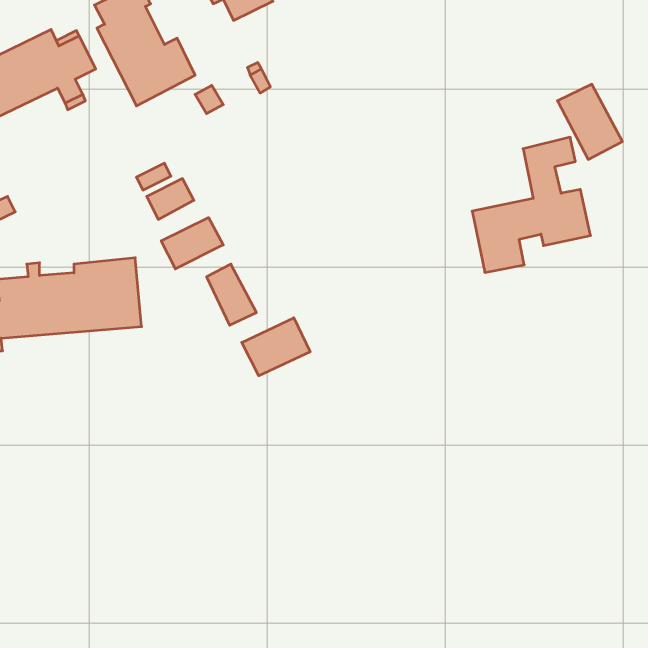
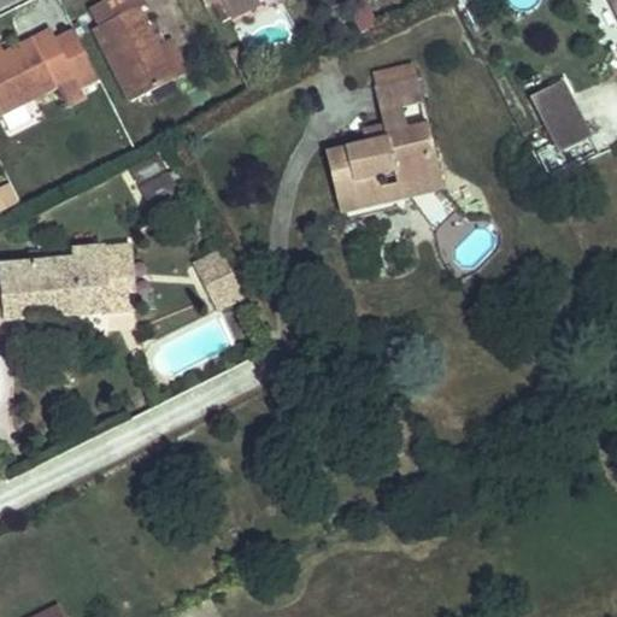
building: [472,137,591,272] -> [329,81,441,208]
building: [161,218,223,269] -> none
building: [242,318,310,376] -> none

